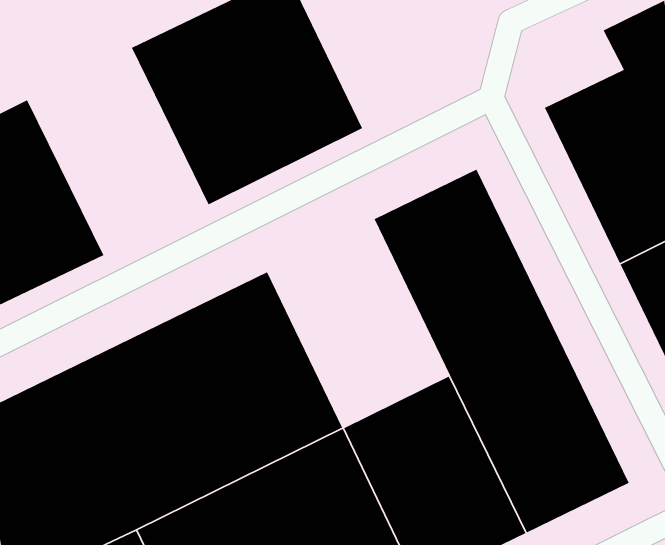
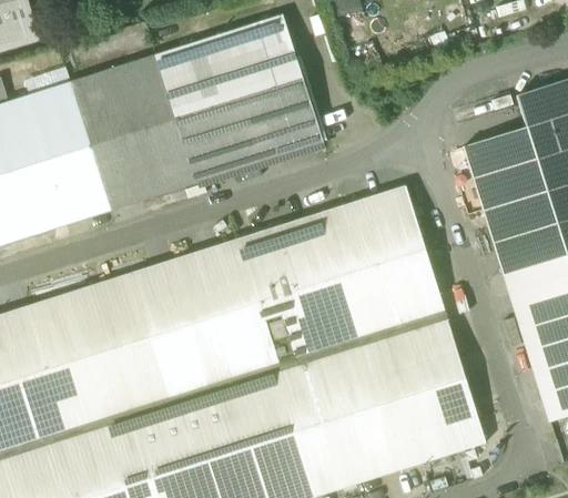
building: none -> [71,54,196,210]
building: none -> [234,212,361,367]

